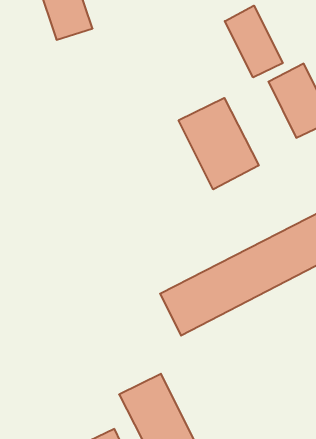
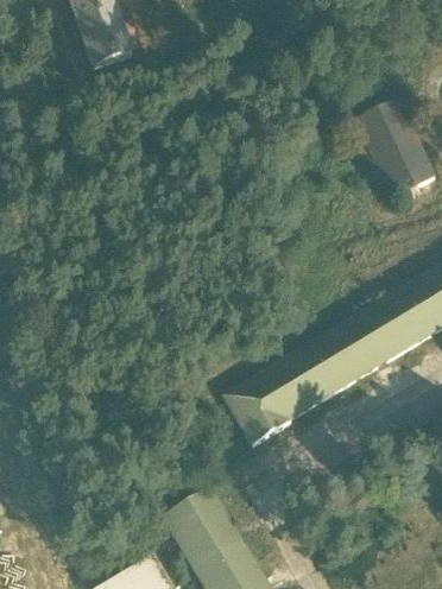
building: [225,6,283,77] -> none
building: [179,98,259,189] -> none

